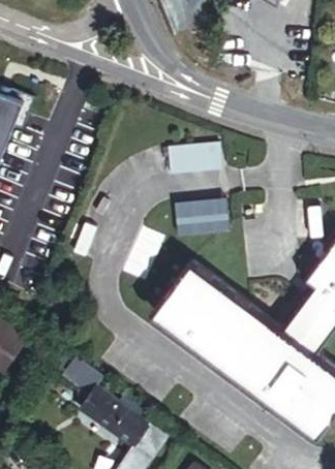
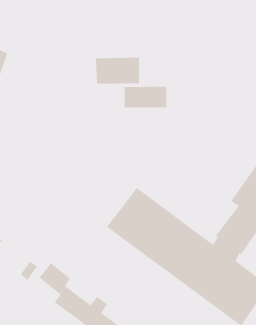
building: [175,200,230,233] -> [95,57,140,84]

